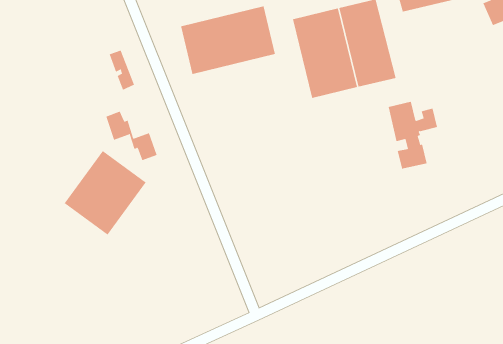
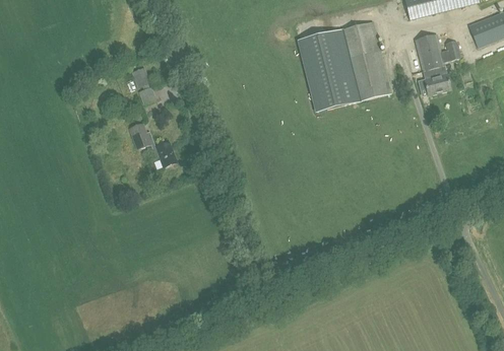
building: [181,6,276,75] -> none
building: [388,101,438,169] -> [415,32,459,93]
building: [64,150,146,235] -> none

